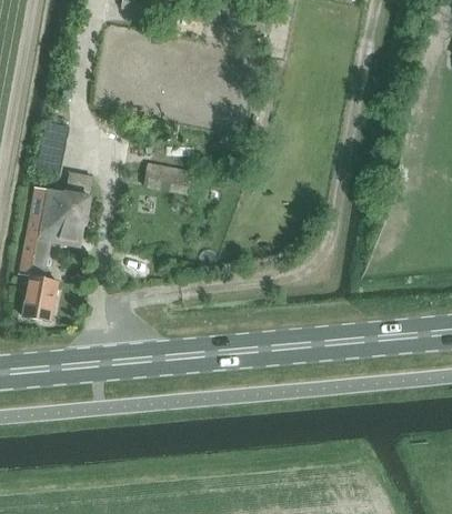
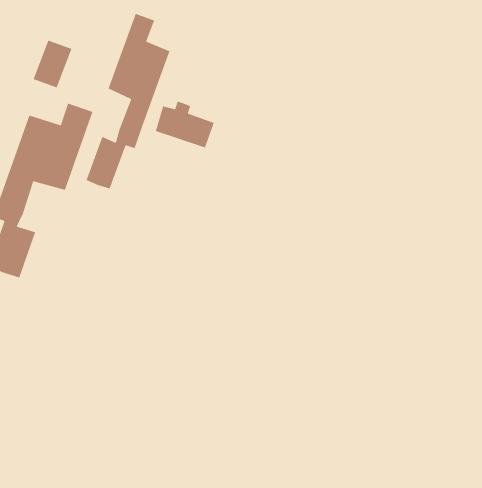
building: none -> [85,13,170,190]

